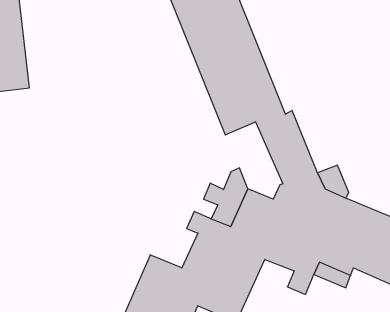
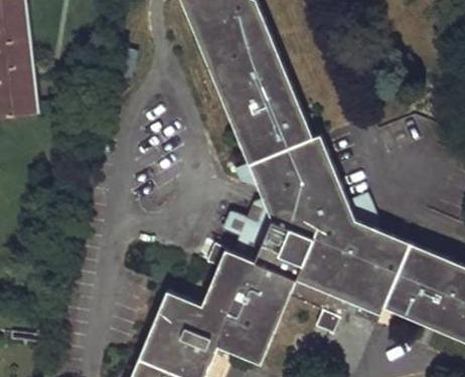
building: none -> [248,150,309,232]

